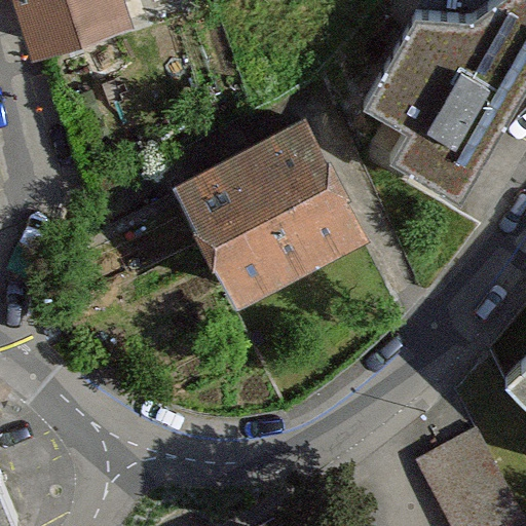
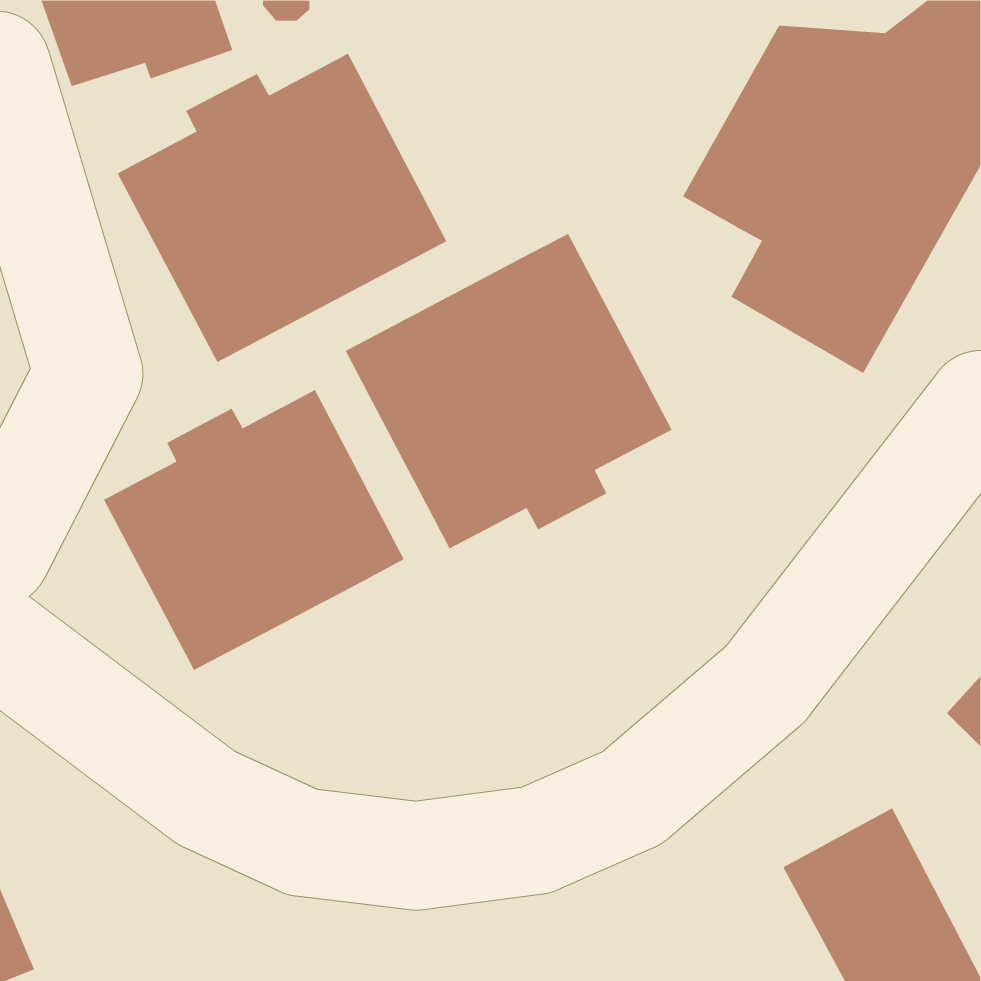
building: none -> [117,53,447,363]
building: none -> [103,389,405,671]

